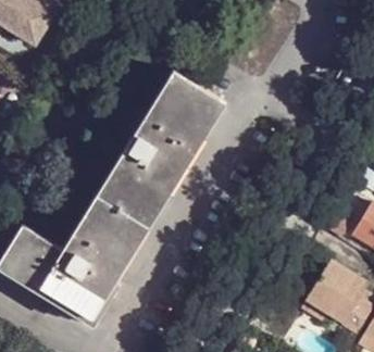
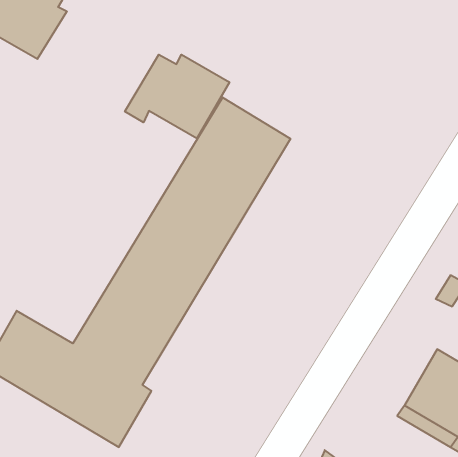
building: none -> [125,55,229,138]

